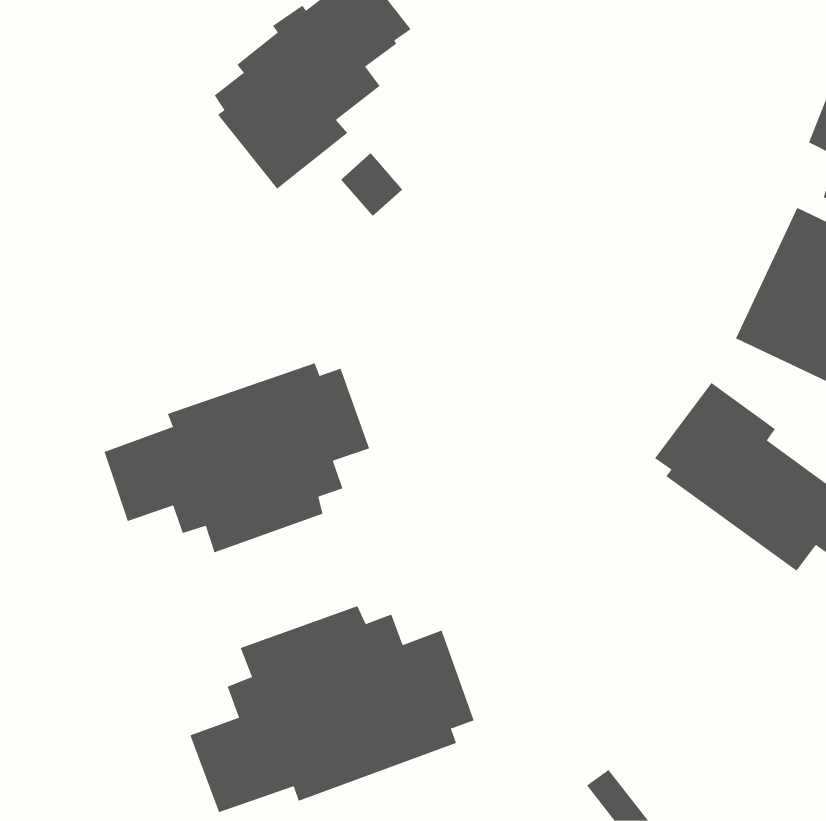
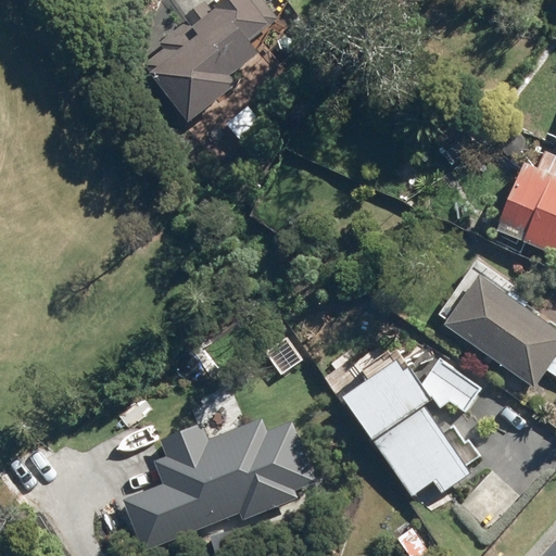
building: [104,362,370,553] -> none
building: none -> [340,359,482,500]

